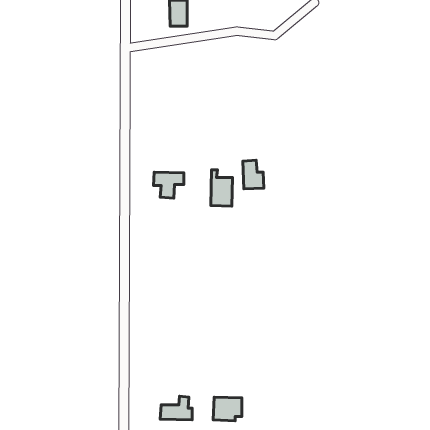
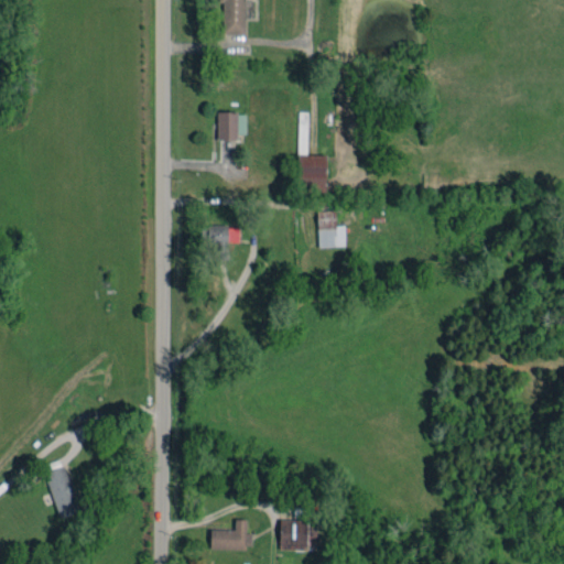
building: none -> [218,112,247,139]
building: [211,170,233,206] -> [299,145,327,193]
building: none -> [45,466,79,519]

